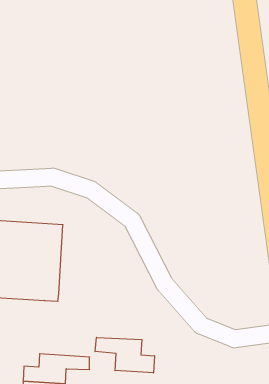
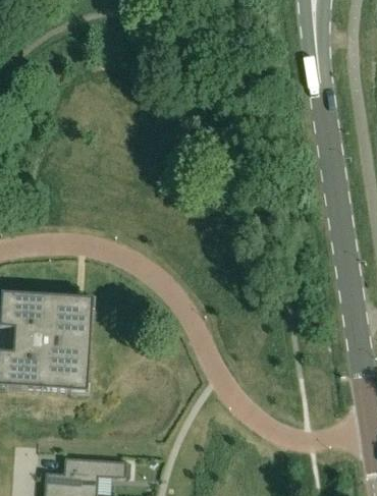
building: [95,337,154,373] -> none

